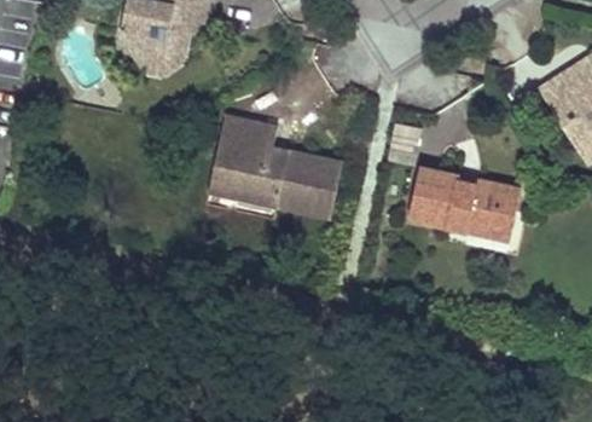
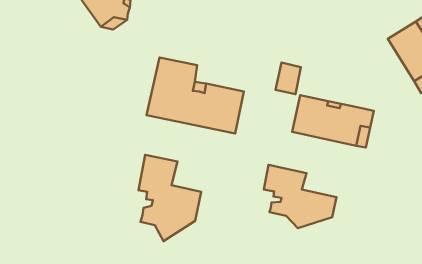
building: none -> [138,155,201,241]
building: none -> [264,165,336,228]

